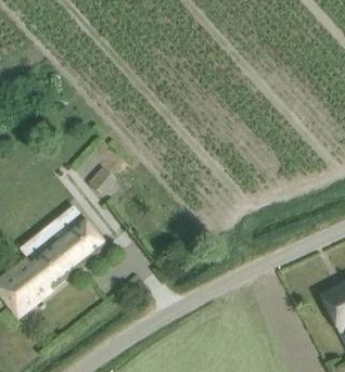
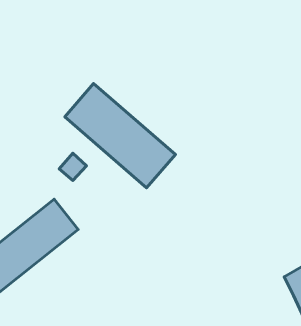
building: none -> [65,84,176,188]

